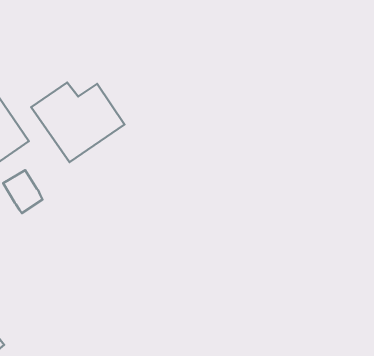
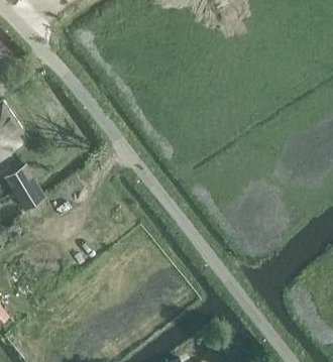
building: [31,82,125,162] -> none

